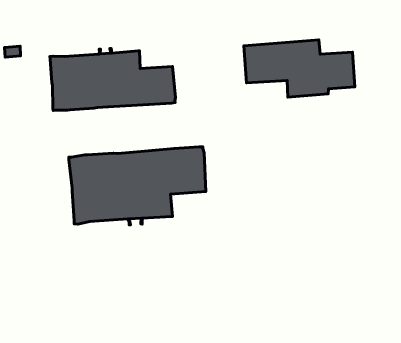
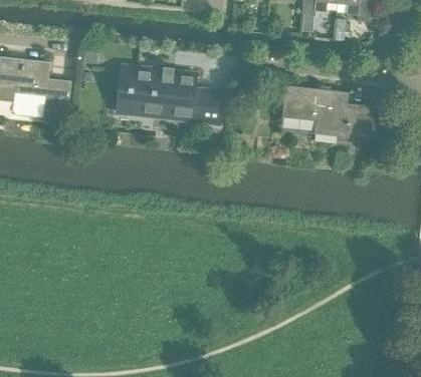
building: [69,147,206,225] -> none

